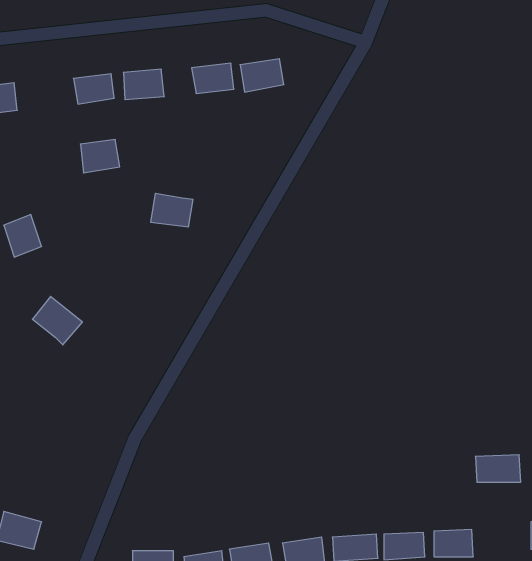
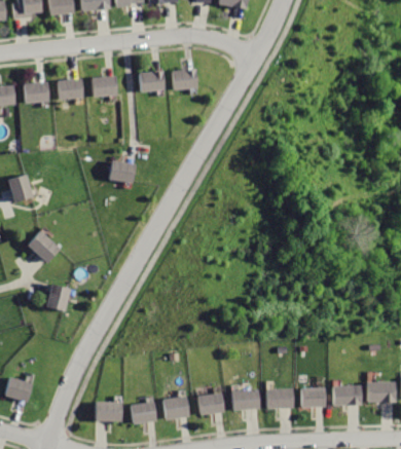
building: [80,140,120,173] -> [23,81,49,104]
building: none -> [46,284,72,312]
building: [475,455,521,482] -> [331,385,362,404]

